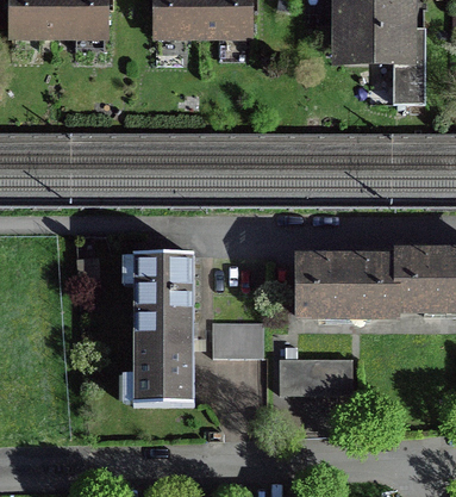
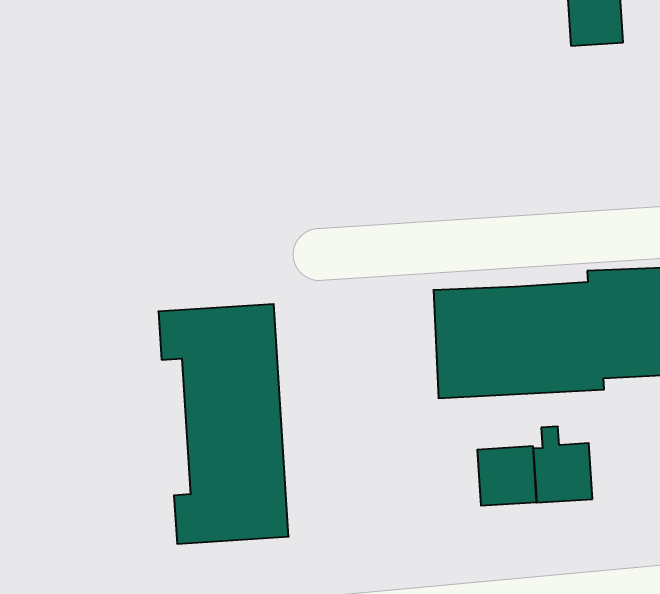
building: [211,321,262,356] -> none
building: [281,343,317,391] -> [533,427,592,503]

